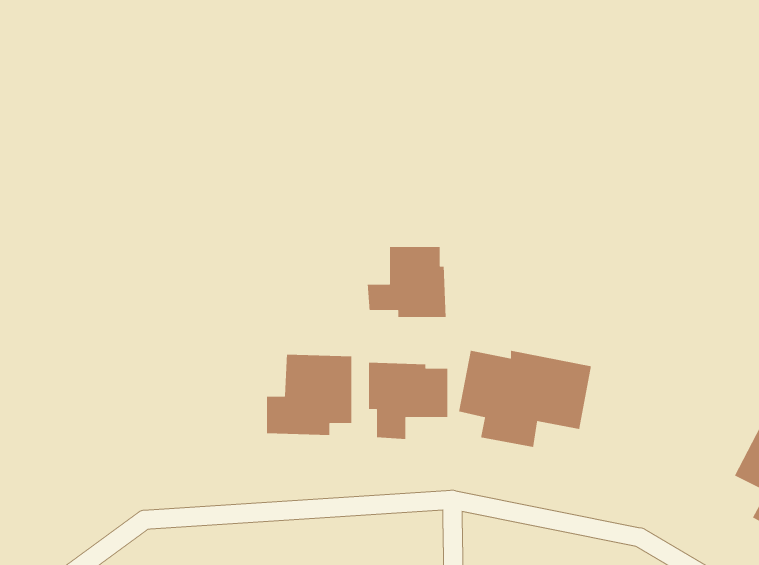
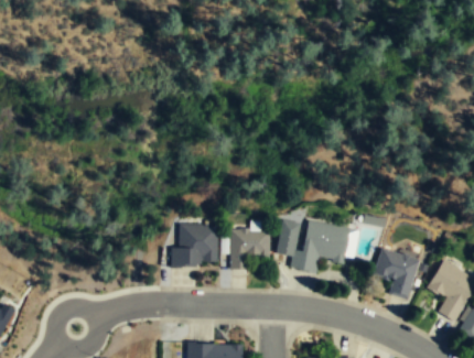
building: [367,246,447,318] -> none
building: none -> [375,250,422,301]

